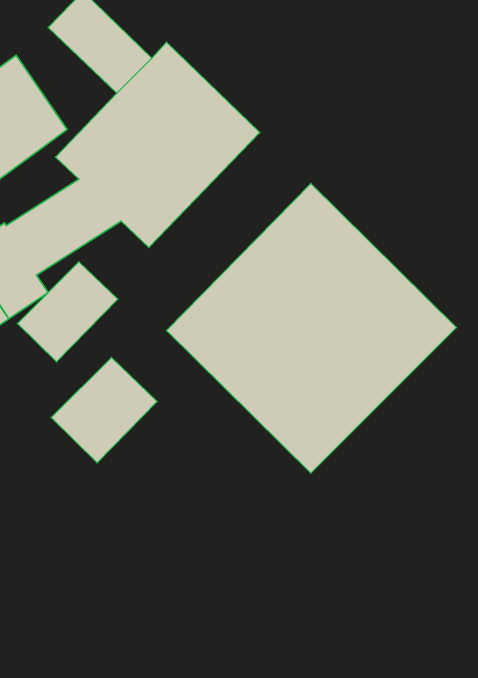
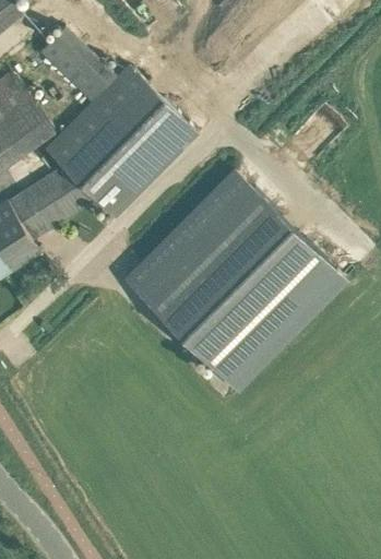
building: [18,262,118,362] -> none
building: [51,358,157,463] -> none

